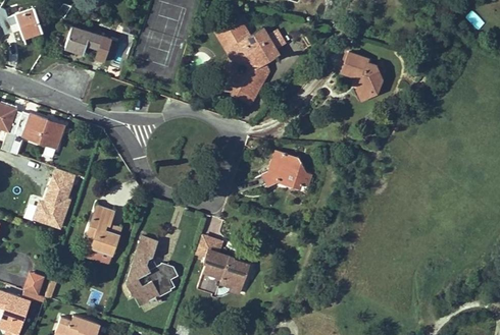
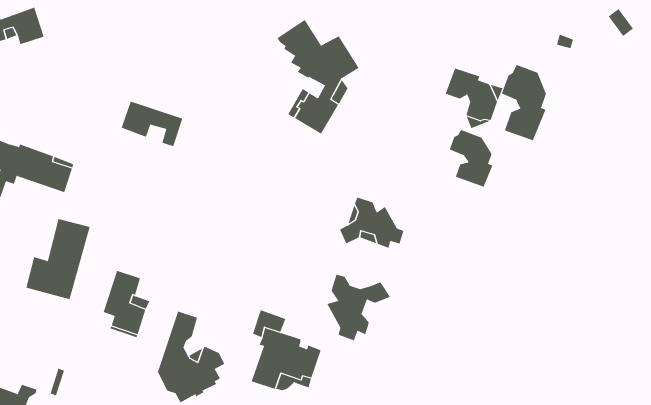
building: [65,26,112,61] -> [121,101,183,147]
building: none -> [501,64,547,141]
building: none -> [449,129,493,187]
building: none -> [327,274,391,341]
building: [21,270,47,295] -> none

